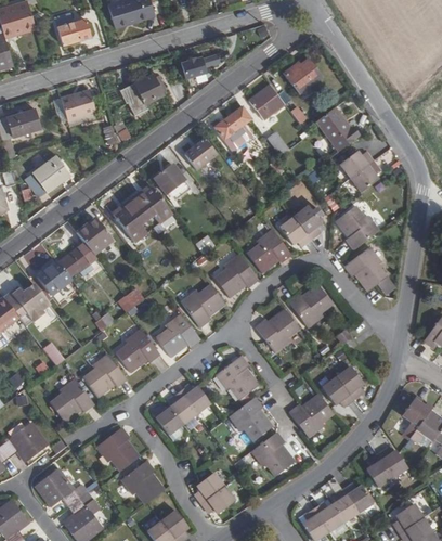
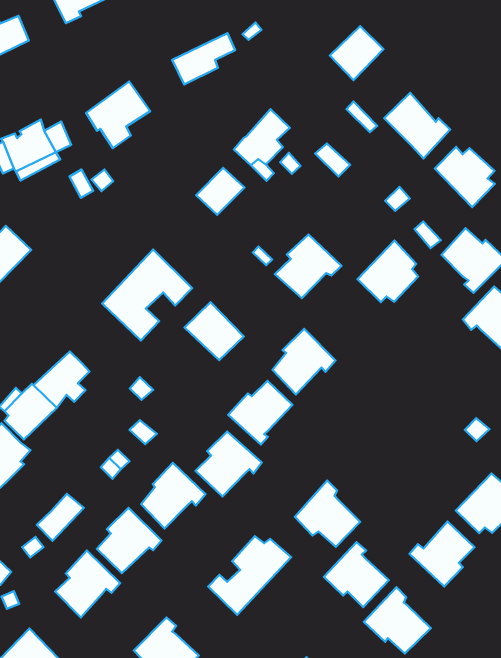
building: [248,86,284,120] -> none
building: [153,165,191,204] -> [185,302,244,360]
building: [75,218,108,253] -> none
building: [248,228,292,269] -> [275,234,341,298]
building: [289,283,333,325] -> none
building: [256,308,299,350] -> none

